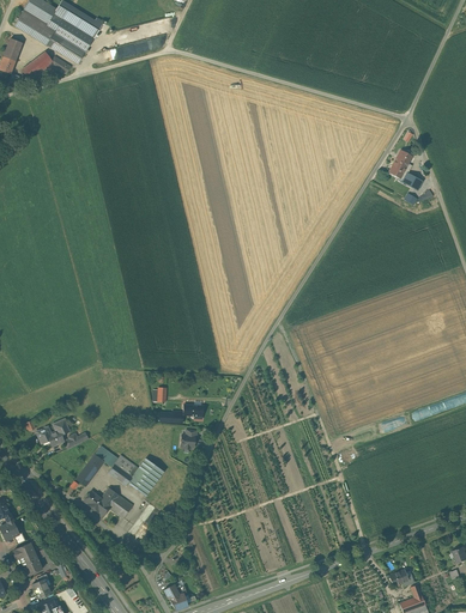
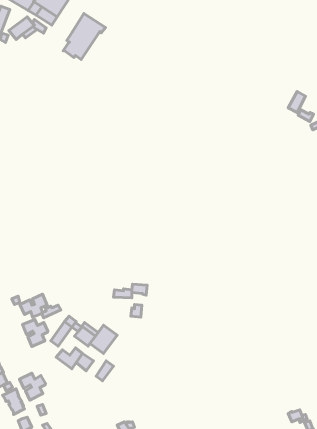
building: none -> [63,14,105,60]
building: none -> [23,320,48,347]
building: none -> [20,373,45,400]

